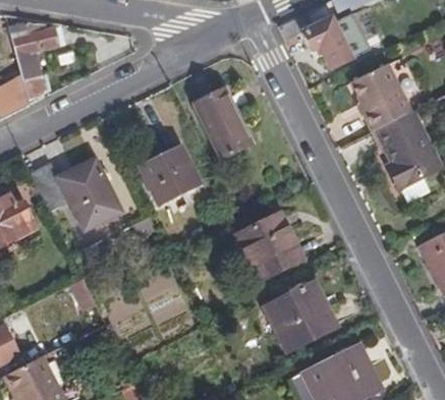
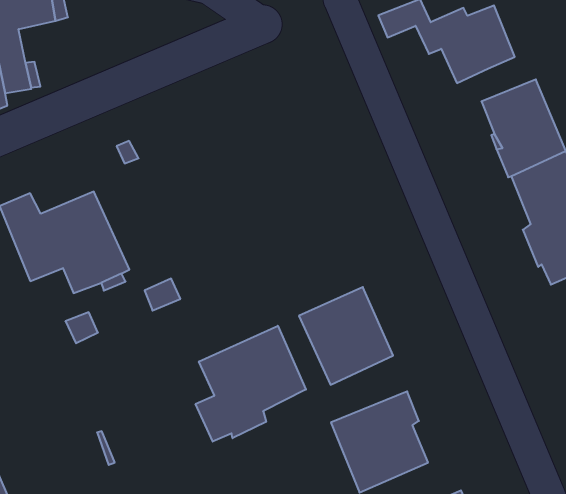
building: [196,90,249,158] -> none
building: [140,145,198,204] -> none
building: none -> [196,326,306,442]

